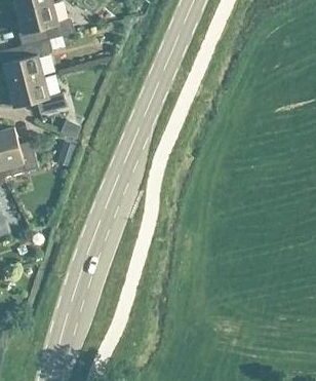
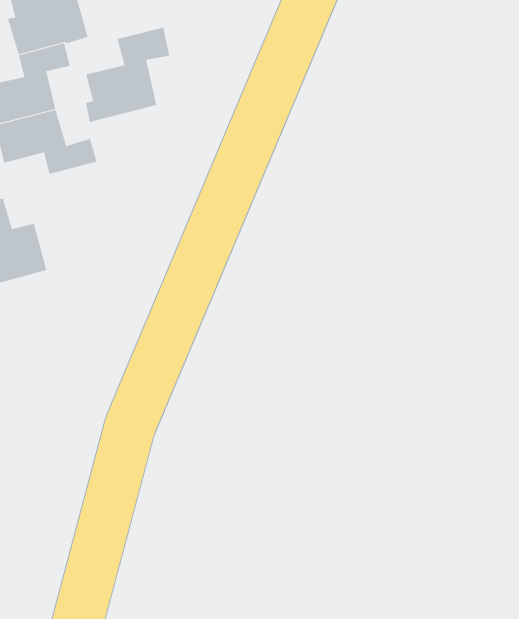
building: none -> [86,27,170,123]

